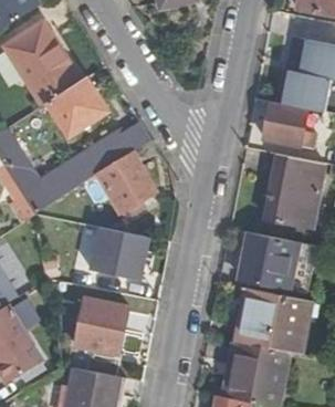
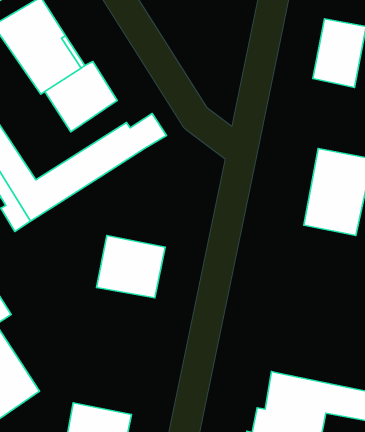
building: [264,92,310,145] -> none
building: [94,152,155,218] -> none
building: [239,229,301,289] -> none
building: [243,288,314,355] -> none
building: [74,296,127,354] -> none

